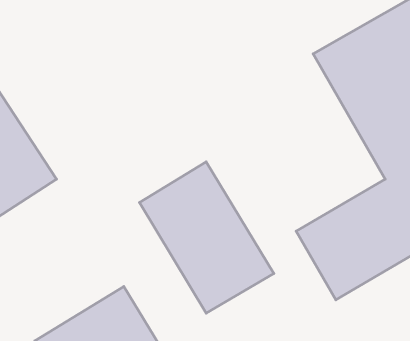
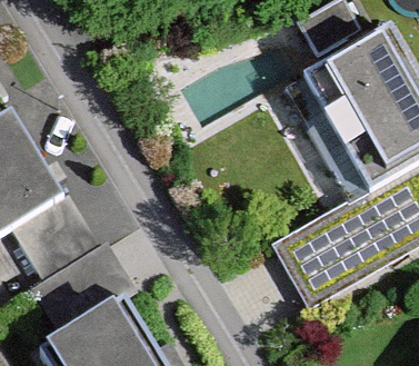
building: [139,162,274,313] -> none

